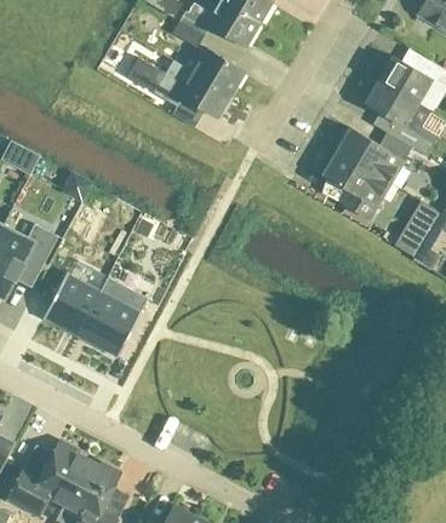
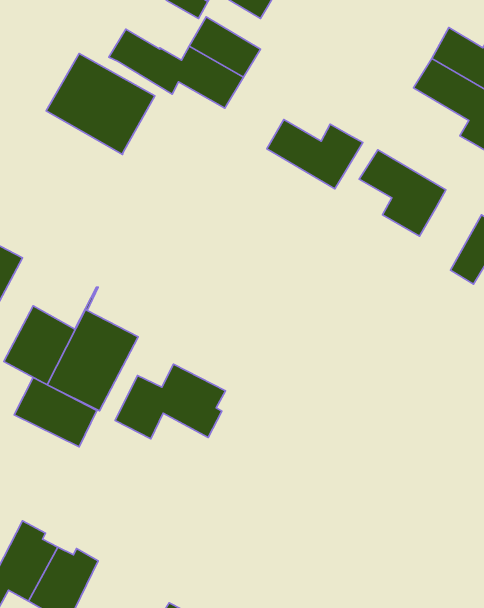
building: none -> [46,54,155,155]
building: [337,128,412,183] -> [267,119,363,189]
building: none -> [115,364,225,439]
building: none -> [14,378,97,447]

